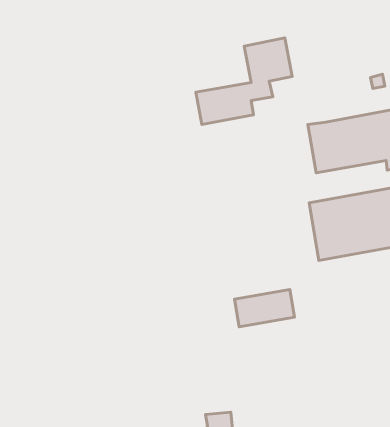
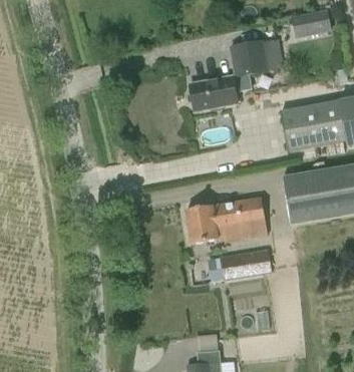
building: none -> [292,11,330,35]
building: none -> [185,198,268,243]

